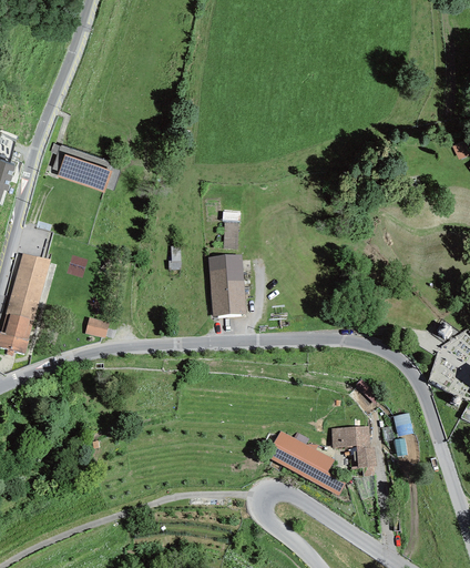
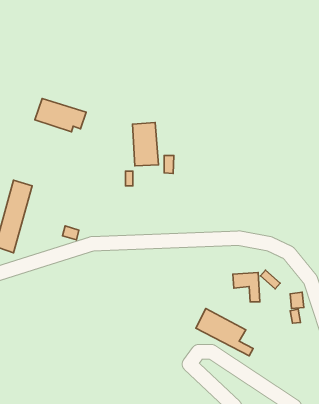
building: [211,255,246,314] -> [132,123,159,166]
building: [335,427,371,467] -> [233,273,260,302]

